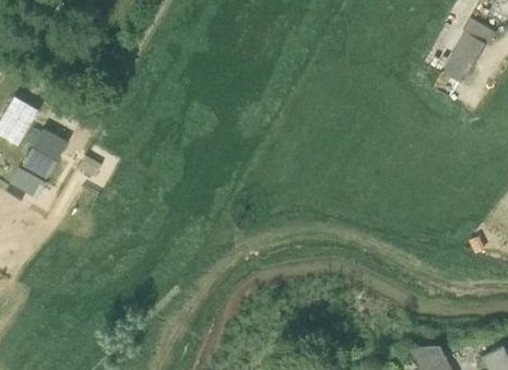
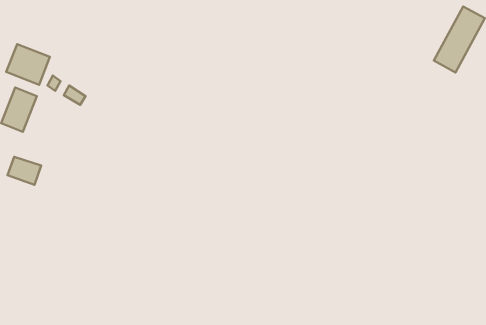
building: none -> [6,44,50,85]
building: [23,130,67,178] -> none

